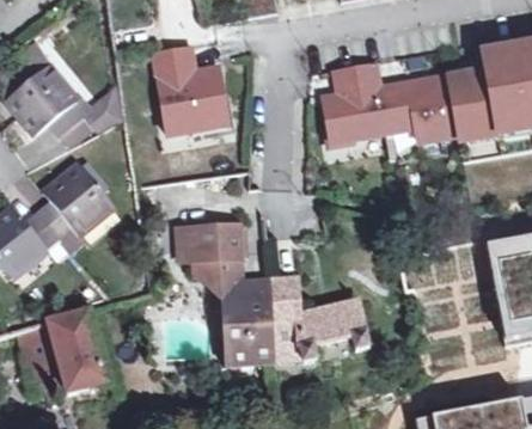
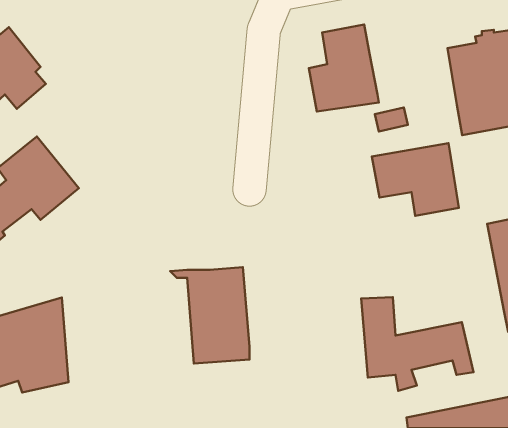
building: [155,43,230,133] -> none
building: [380,74,459,140] -> [372,143,459,216]
building: [172,225,236,283] -> none
building: [265,278,367,363] -> [361,297,474,391]

